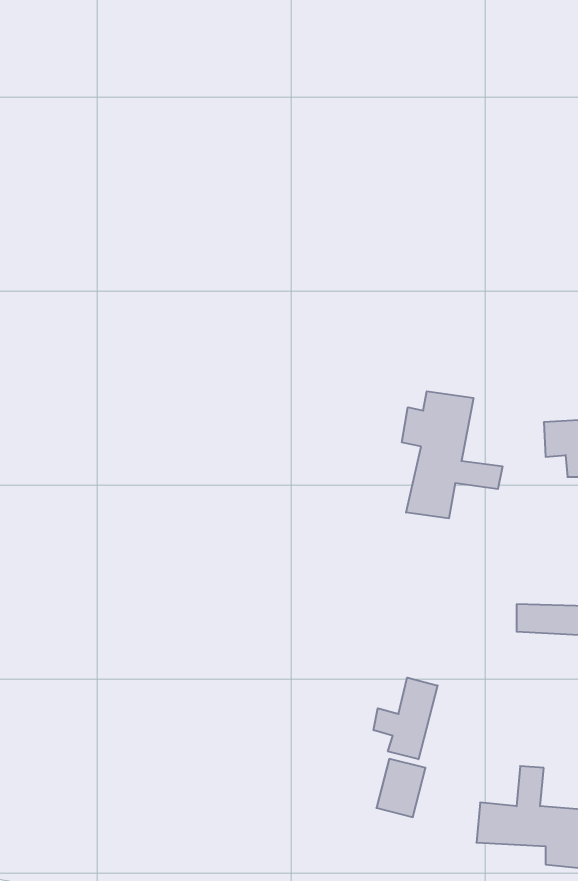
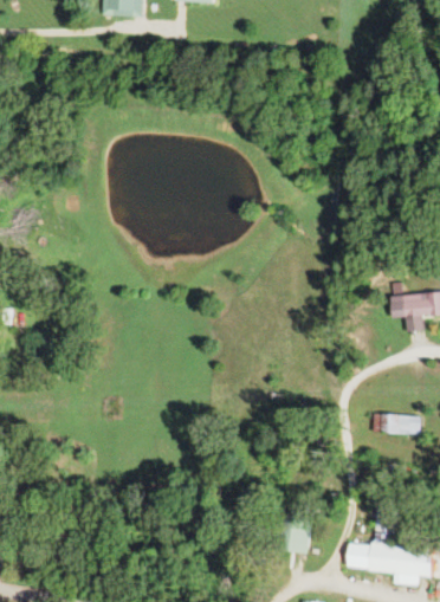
building: [402,391,502,518] -> none
building: [374,678,438,759] -> none

